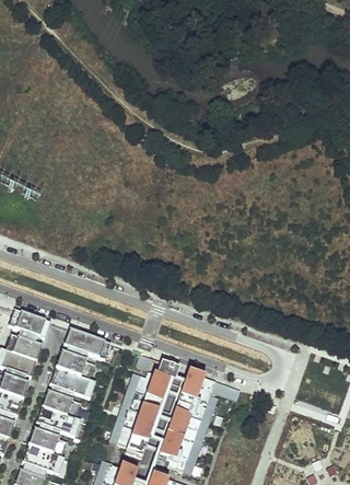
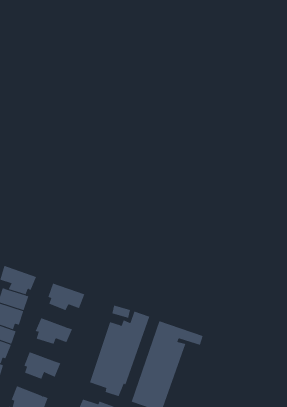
building: [56,351,92,379] -> none
building: [43,391,79,417] -> none
building: [28,429,65,457] -> none

